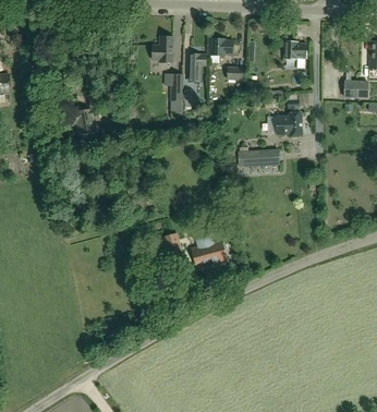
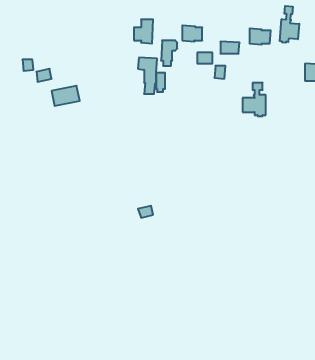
building: none -> [280,6,299,43]
building: [239,150,280,169] -> none
building: [192,235,227,265] -> none

